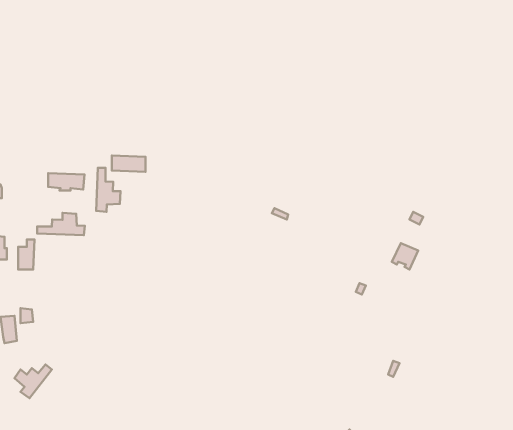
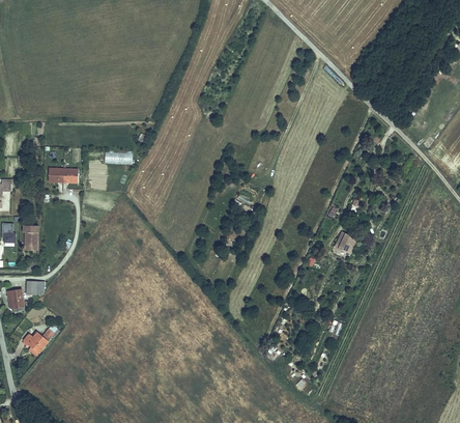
building: [96,168,121,212] -> none
building: [37,213,85,235] -> none

